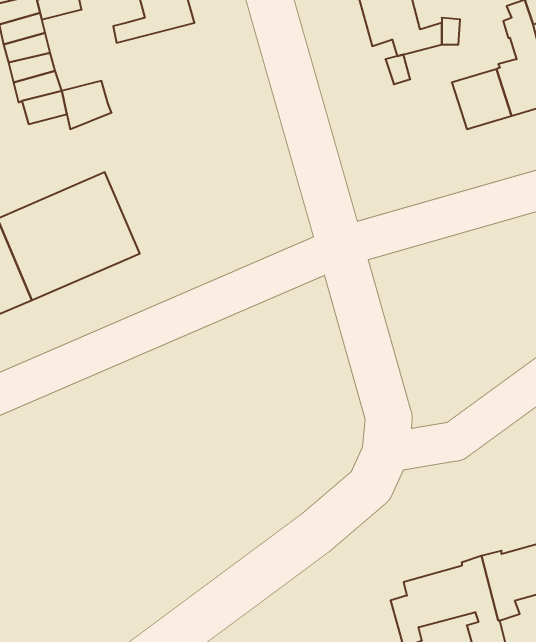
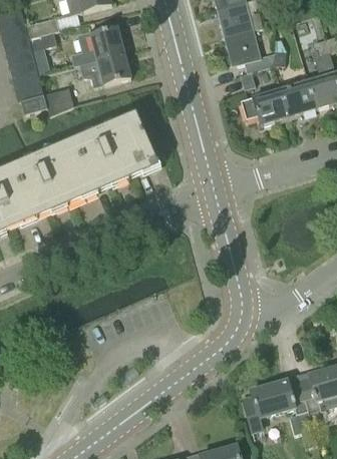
building: none -> [77,51,130,86]
building: none -> [241,87,289,124]
building: none -> [70,113,157,190]

